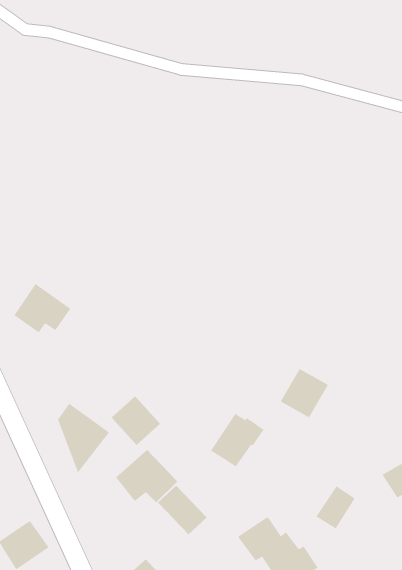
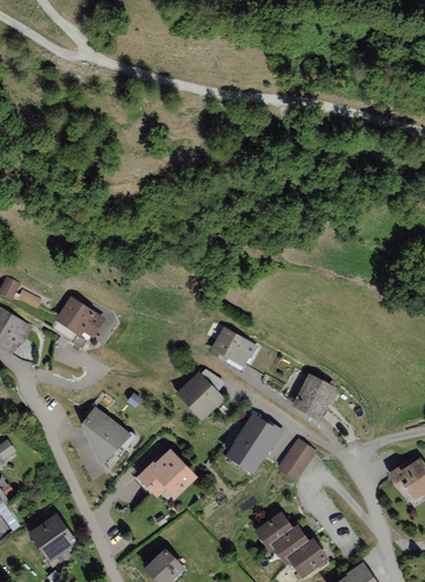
building: none -> [211,326,252,366]
building: [111,395,161,446] -> [177,373,225,420]
building: [157,485,207,535] -> none
building: [316,486,355,529] -> [278,440,315,481]

